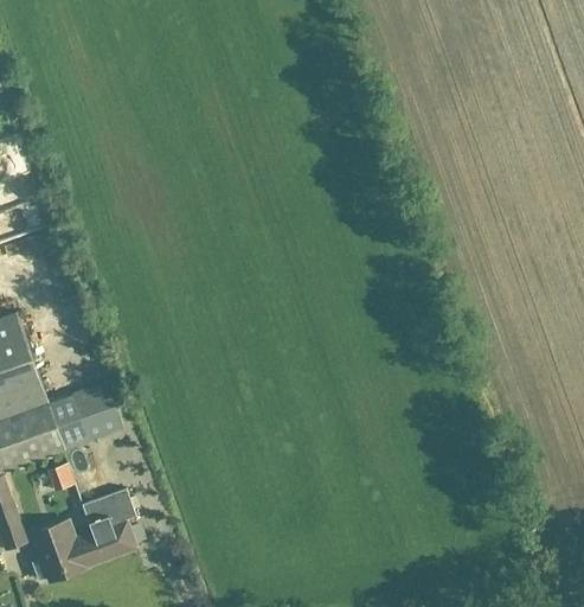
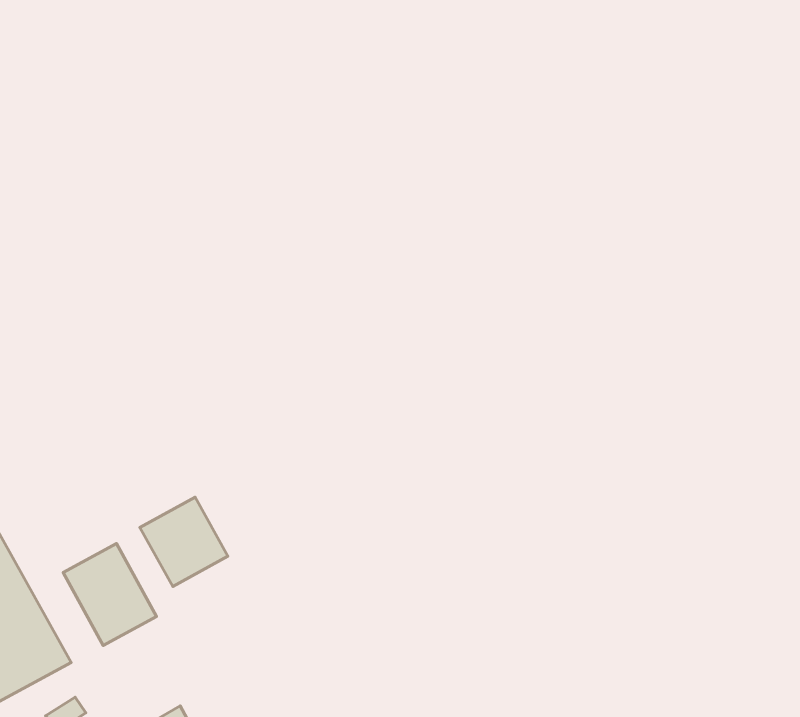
building: none -> [140,497,228,587]

